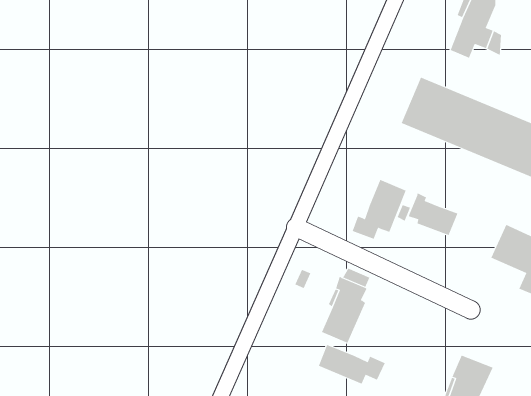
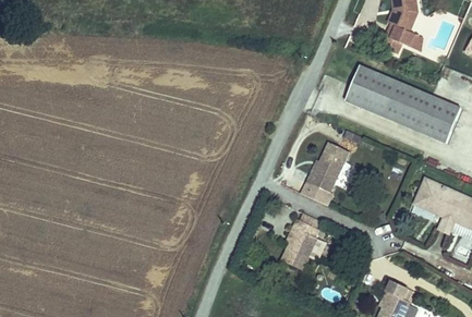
building: [409,193,458,236] -> none
building: [318,344,385,384] -> none

